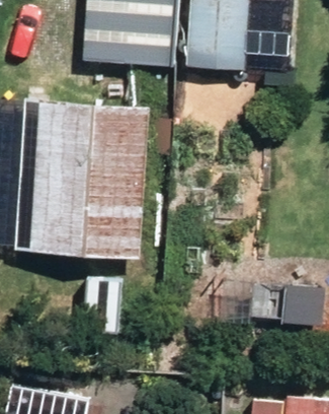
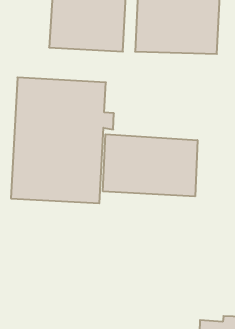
building: none -> [103,134,197,196]

